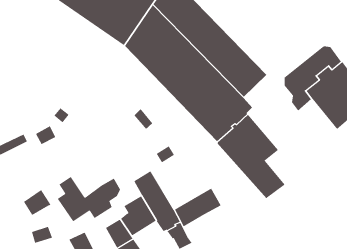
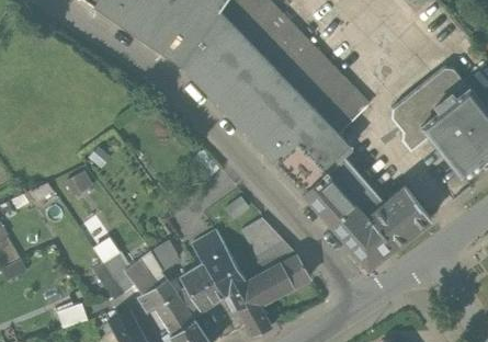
building: none -> [367,187,431,249]
building: none -> [241,217,296,267]
building: [23,189,51,216] -> none
building: none -> [138,278,175,311]

